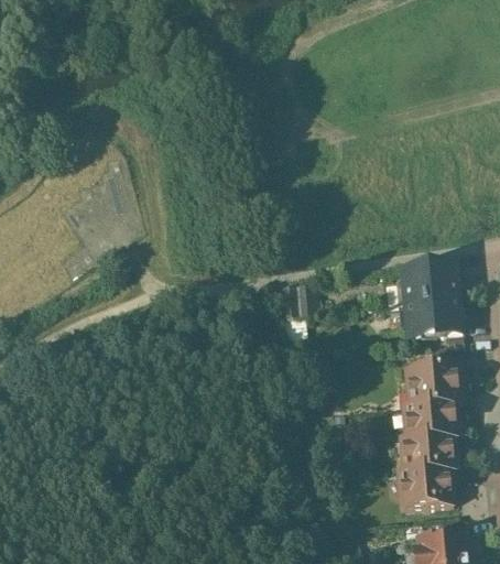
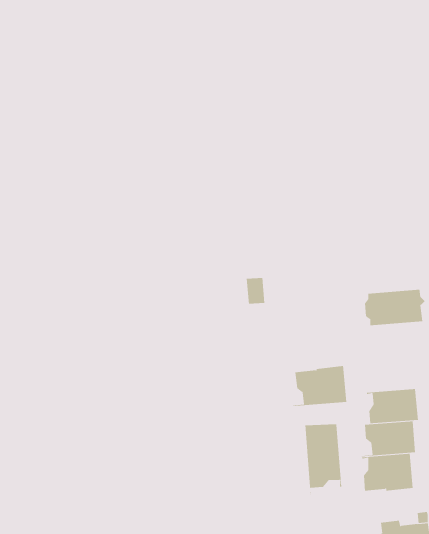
building: [398,264,461,302] -> none
building: [403,361,459,403] -> [292,366,347,406]
building: none -> [305,416,342,496]

